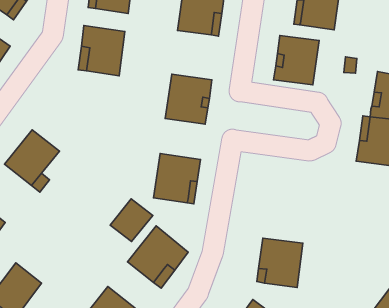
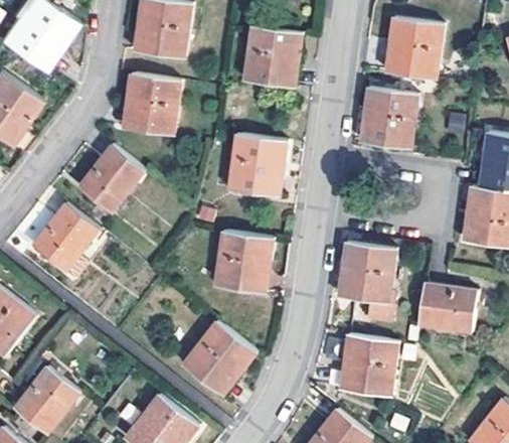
building: none -> [77,146,144,213]
building: none -> [338,242,394,303]
building: none -> [418,283,477,332]
building: [110,199,153,241] -> none

